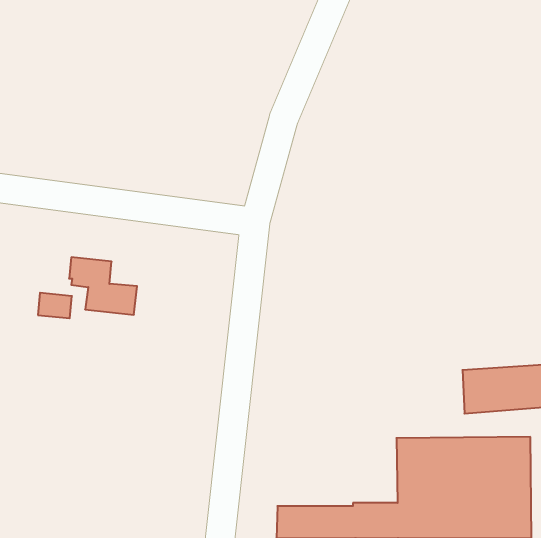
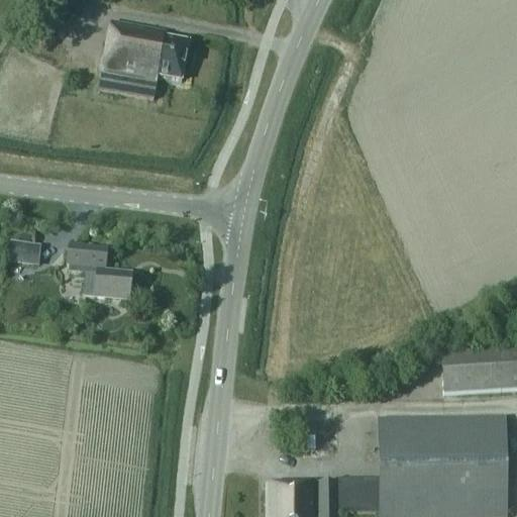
building: none -> [99,19,190,98]
building: [38,293,72,318] -> [8,240,40,265]

